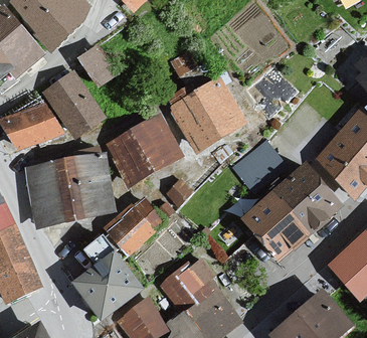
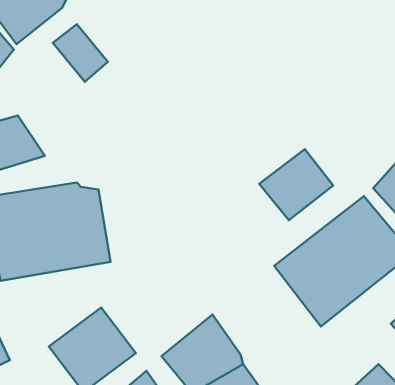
building: [40,69,107,135] -> none
building: [168,76,246,153] -> none
building: [104,111,185,188] -> none
building: [102,174,194,255] -> none

